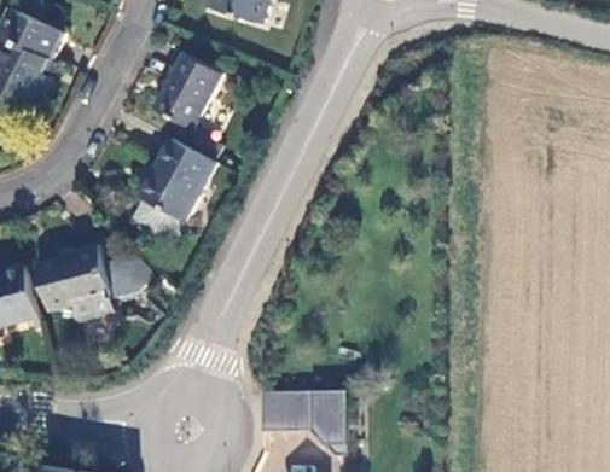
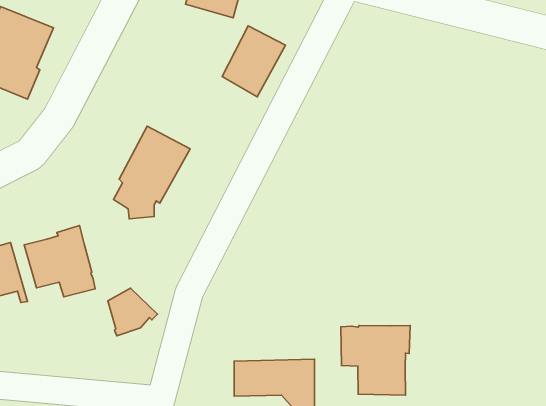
building: [153,53,221,129] -> [222,26,285,97]
building: [101,251,155,302] -> [108,288,157,336]
building: none -> [341,325,410,395]

